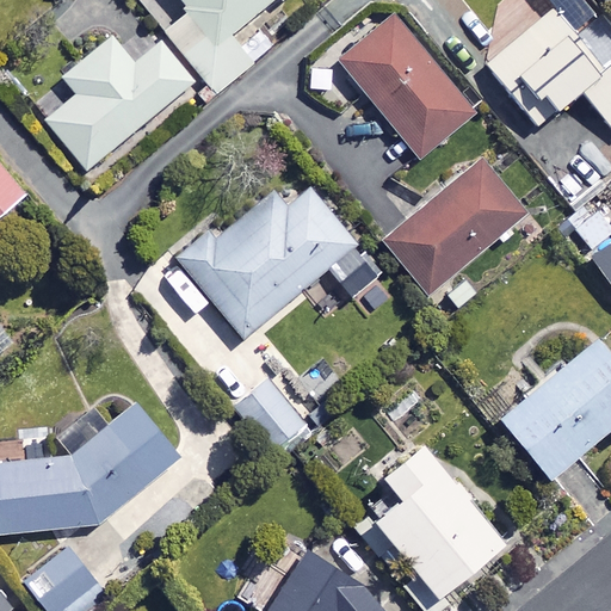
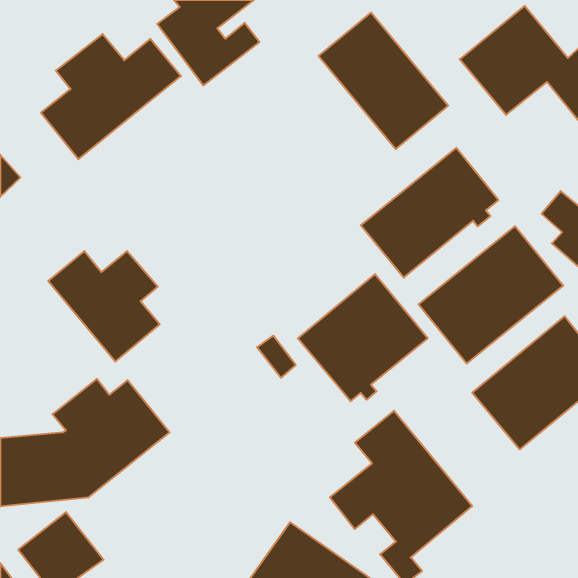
building: [177,185,381,335] -> none
building: none -> [419,226,563,364]
building: none -> [48,251,160,362]
building: none -> [298,274,428,401]
building: [235,377,303,449] -> none

